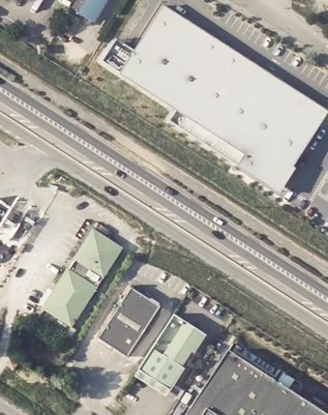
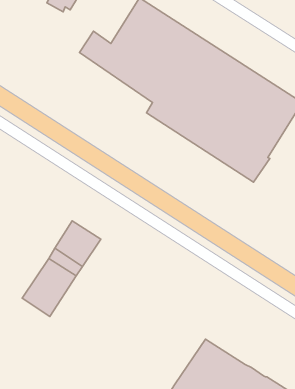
building: [99,288,161,357] -> none
building: [133,313,207,395] -> none

